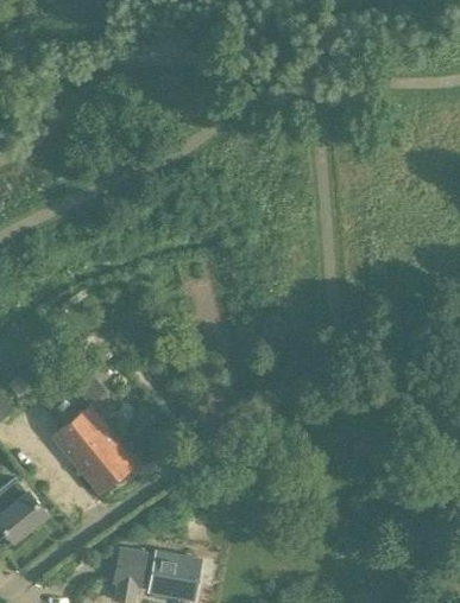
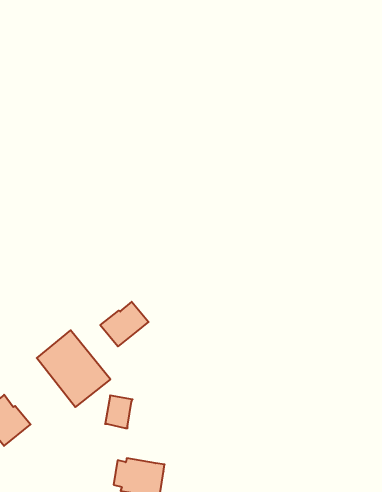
building: none -> [100,302,149,346]
building: [114,548,146,586] -> [105,395,133,428]

